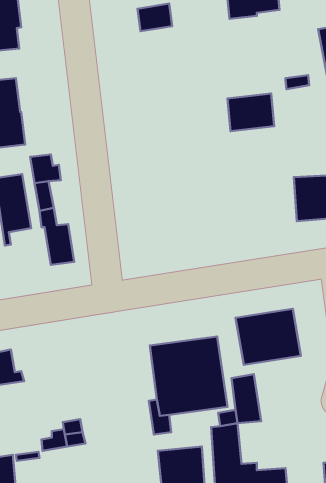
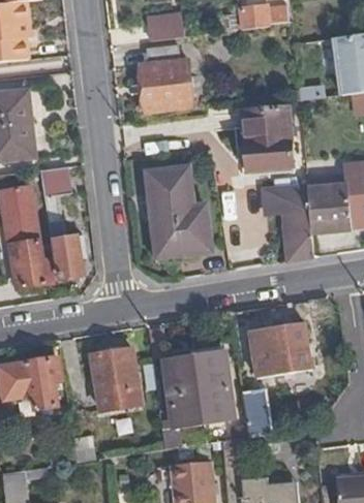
building: none -> [138,43,191,111]
building: none -> [242,137,290,167]
building: none -> [146,166,206,254]
building: none -> [263,187,311,261]
building: none -> [14,241,54,288]
building: none -> [87,347,145,415]
building: none -> [20,357,59,407]

